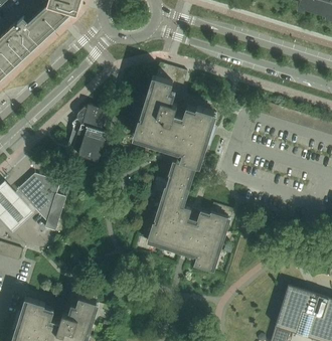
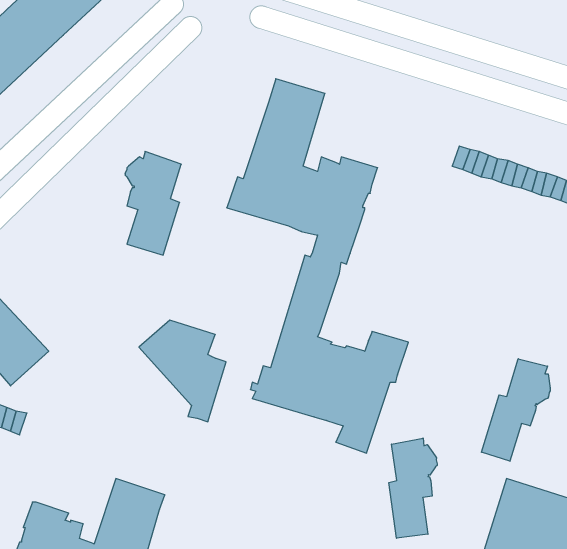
building: [17,175,65,231] -> [139,320,226,422]
building: none -> [481,359,550,461]
building: none -> [389,438,437,538]

